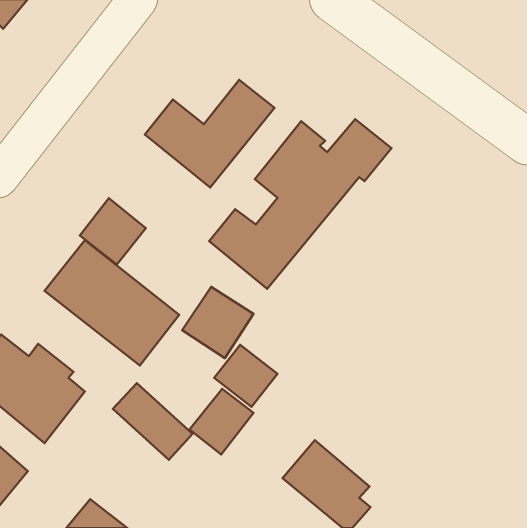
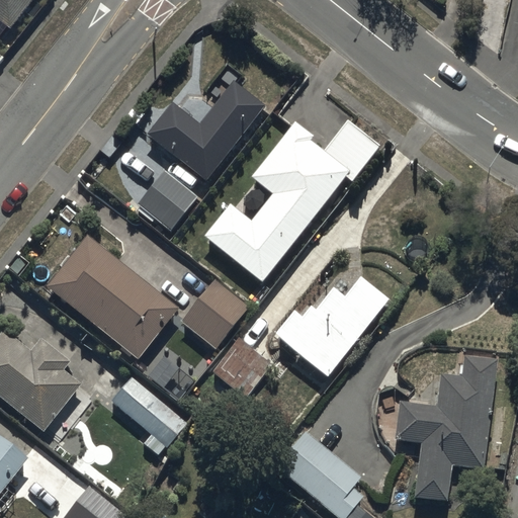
building: [80,198,146,265] -> [133,167,197,232]
building: none -> [274,273,392,376]
building: none -> [394,357,494,500]
building: [189,389,254,455] -> none

